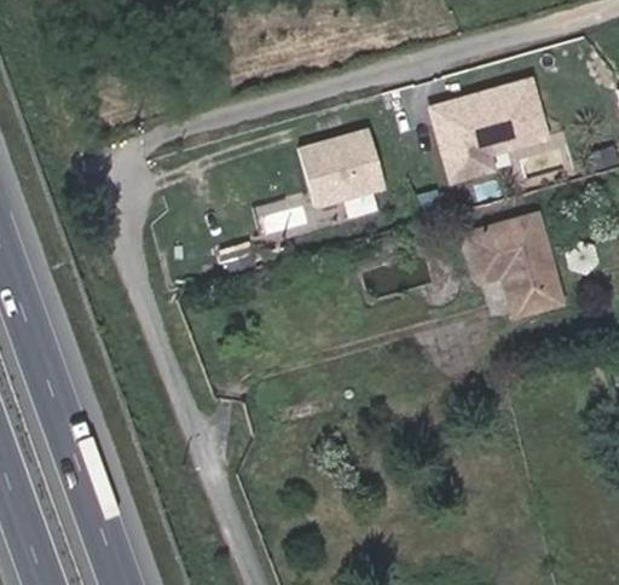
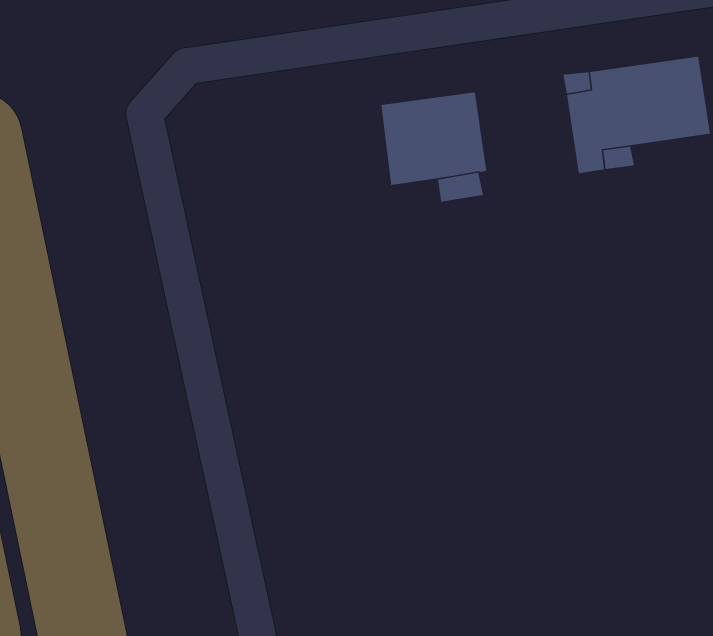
building: [467,213,563,314] -> none

